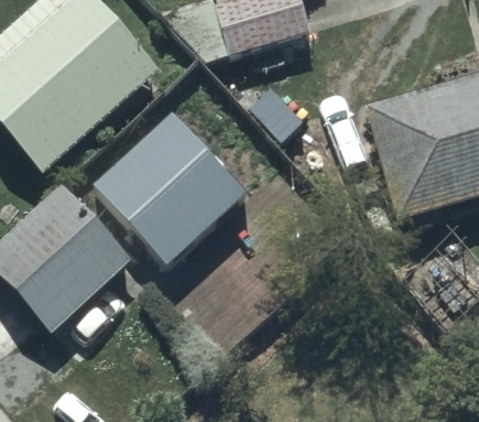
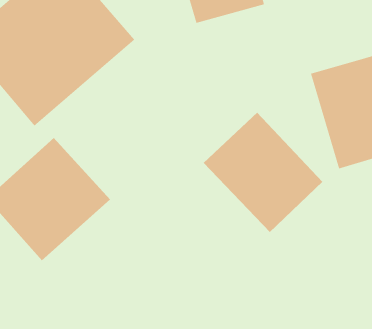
building: [94,117,244,269] -> none
building: none -> [203,112,323,233]

